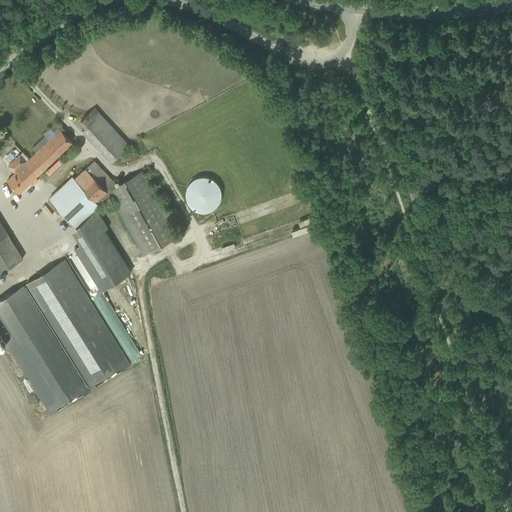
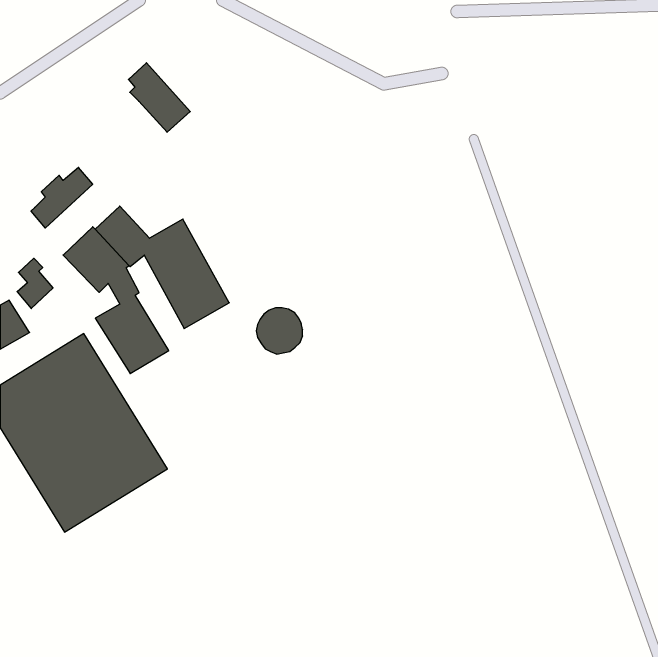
building: [81,108,129,162] -> [128,63,190,132]
building: [7,155,35,194] -> [17,258,53,309]
building: [185,177,221,213] -> [256,308,303,354]

